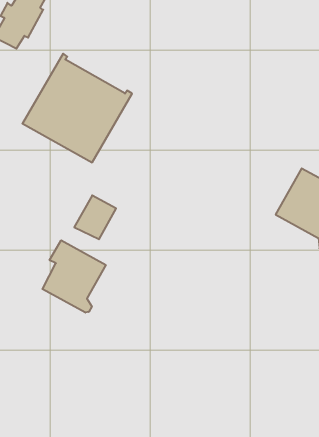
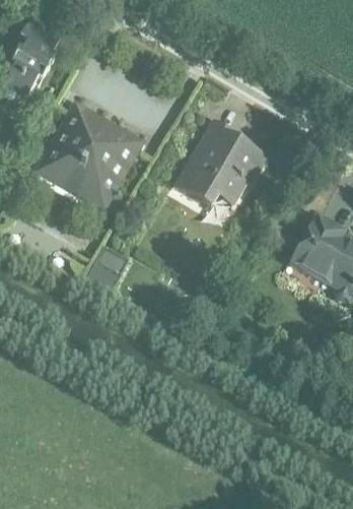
building: none -> [174,118,265,206]
building: [42,240,106,313] -> none

